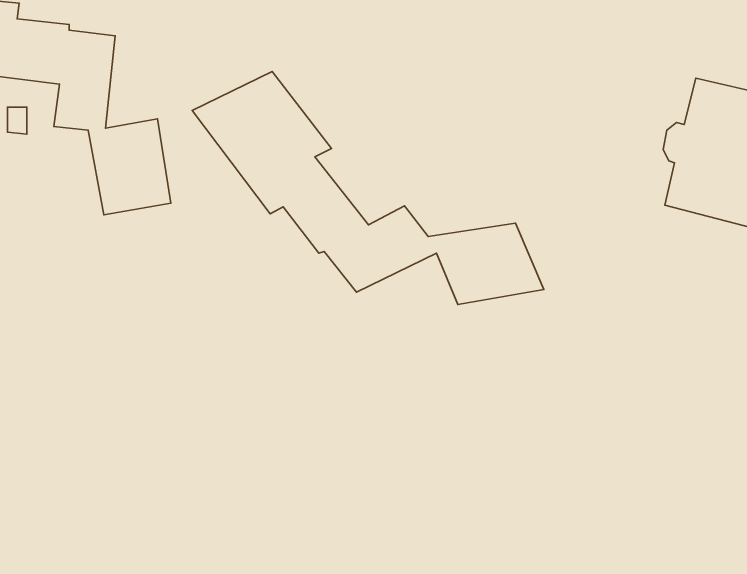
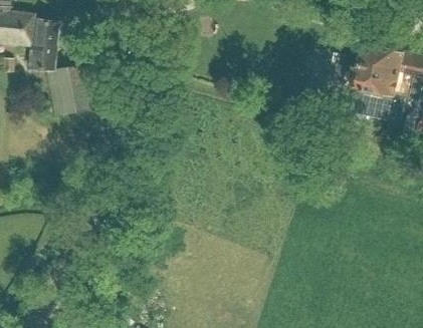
building: [192,71,544,305] -> none

